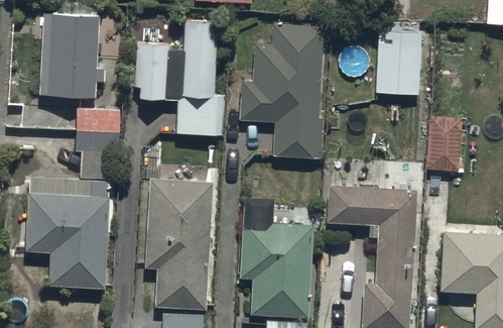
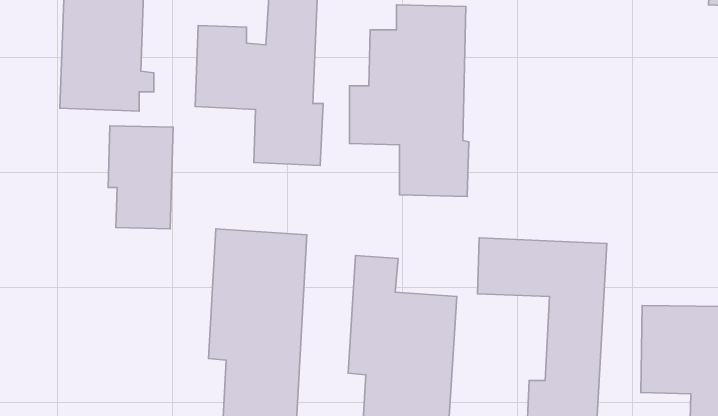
building: [376,29,421,95] -> none
building: [426,116,463,172] -> none
building: [24,178,109,289] -> none

